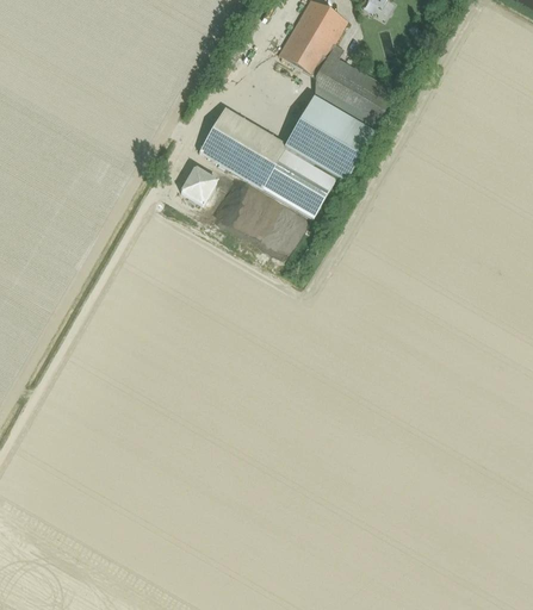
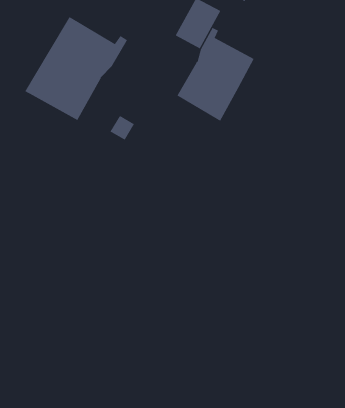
building: none -> [24,16,128,121]
building: [198,106,340,219] -> none

